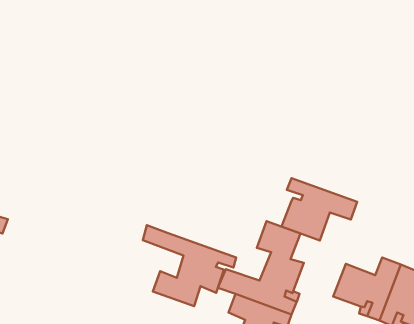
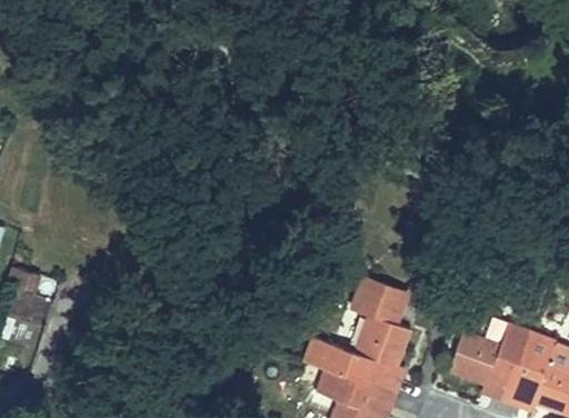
building: [281,178,357,240] -> none
building: [143,225,236,306] -> none

